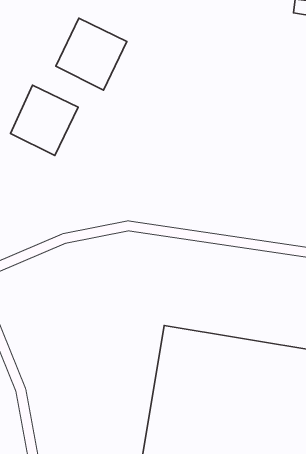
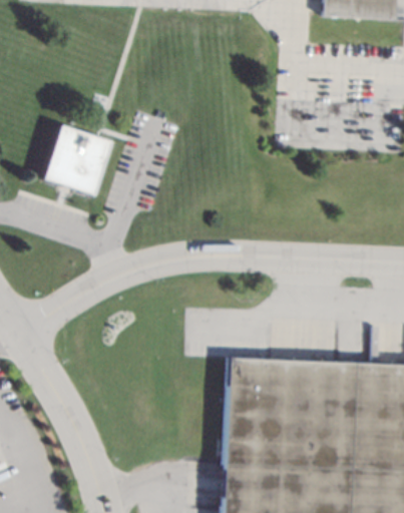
building: [56,18,127,90] -> none

